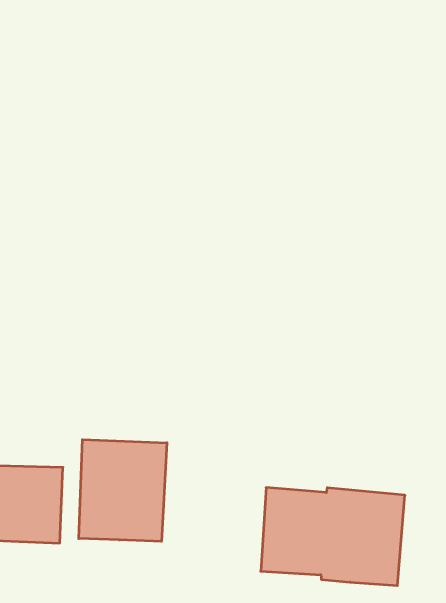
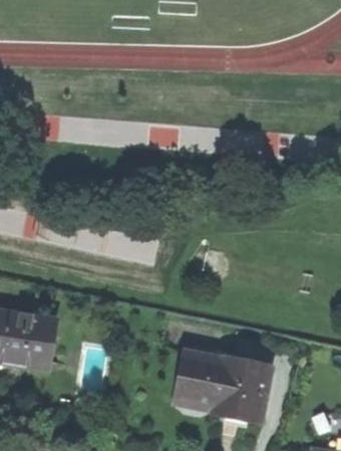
building: [79,440,167,541] -> none

